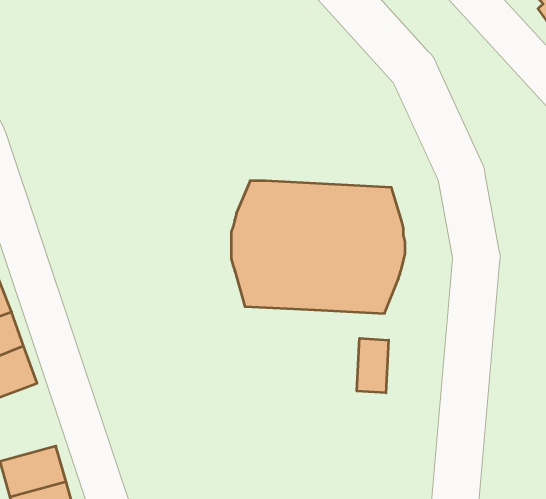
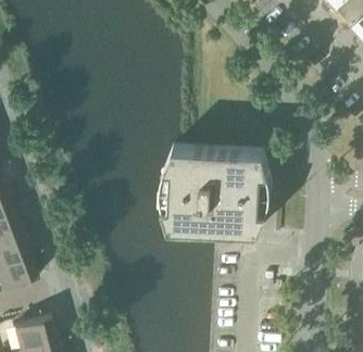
building: [357,338,389,393] -> none

